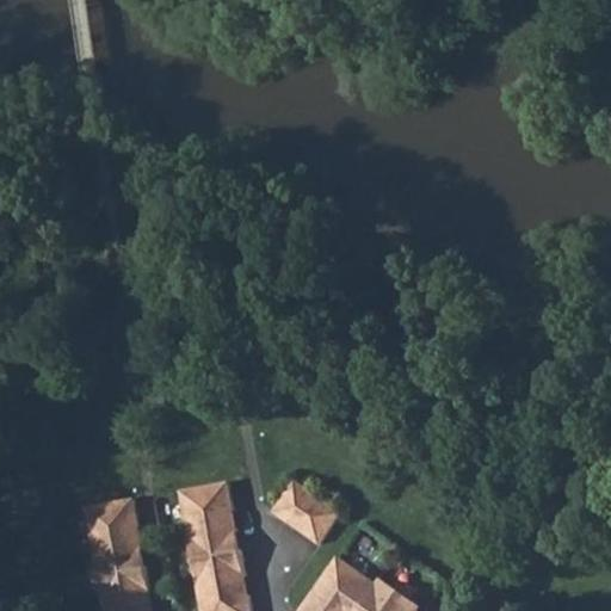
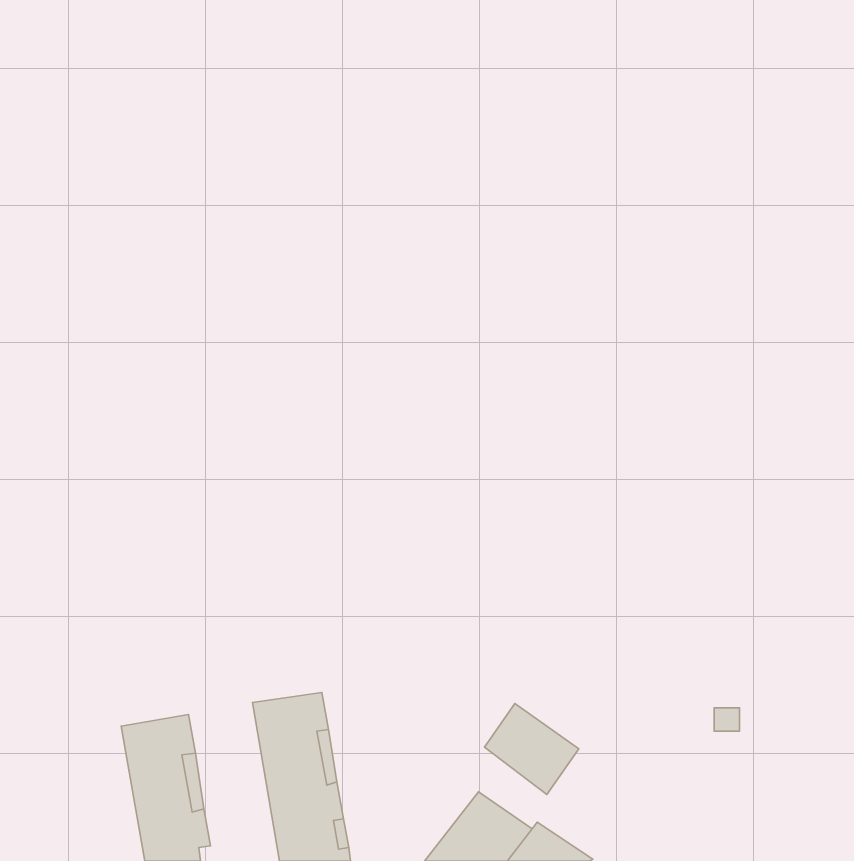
building: [273,485,340,549] -> [485,703,579,794]

